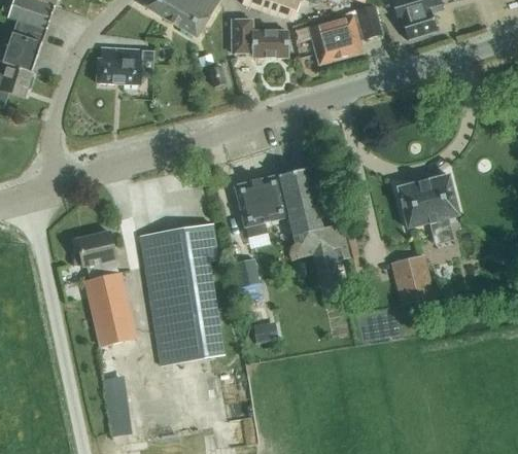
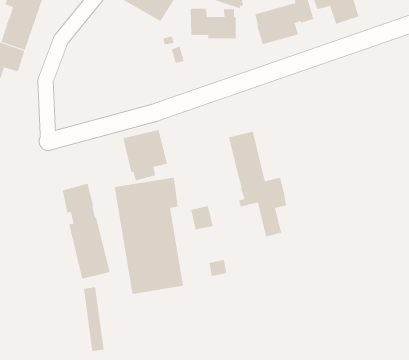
building: [96,46,153,83] -> none
building: [396,173,458,243] -> none
building: [233,174,287,236] -> [122,130,168,181]
building: [390,253,433,312] -> none

